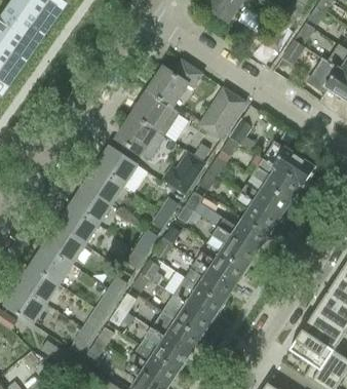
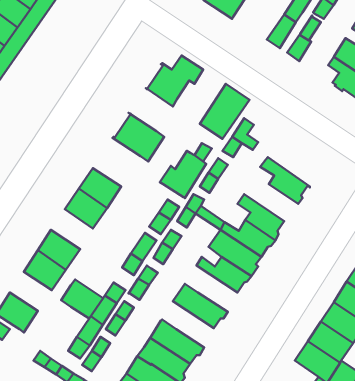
building: [130,91,180,138] -> none
building: [263,140,314,185] -> none
building: [97,147,137,185] -> none
building: [240,183,292,218] -> none
building: [56,206,97,244] -> none
building: [184,260,234,304] -> none
building: [17,266,57,303] -> [61,280,103,319]
building: [161,294,211,338] -> none

